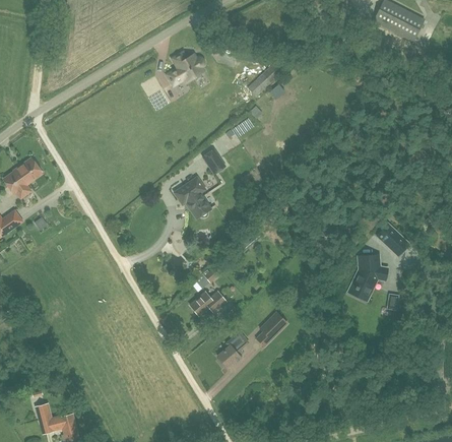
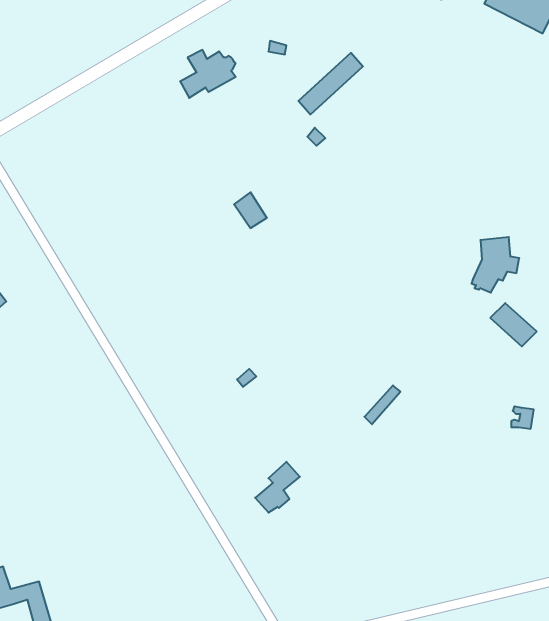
building: [175,177,211,217] -> none
building: [352,253,385,291] -> [471,237,519,293]
building: [190,290,225,315] -> none
building: [255,310,286,344] -> none

